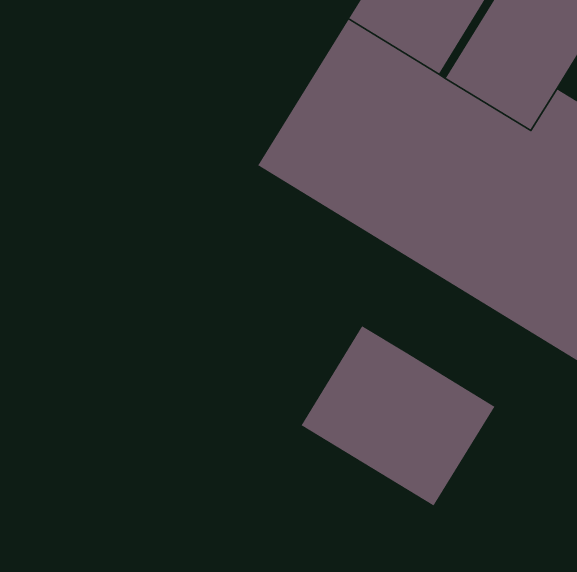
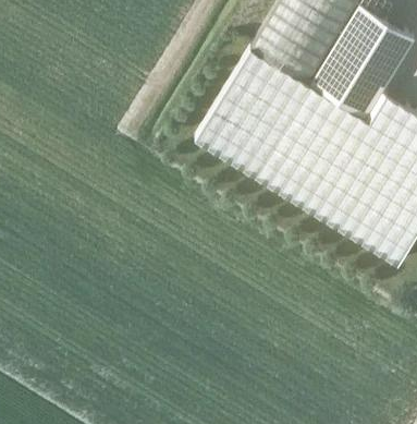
building: [300,325,495,506] -> none

